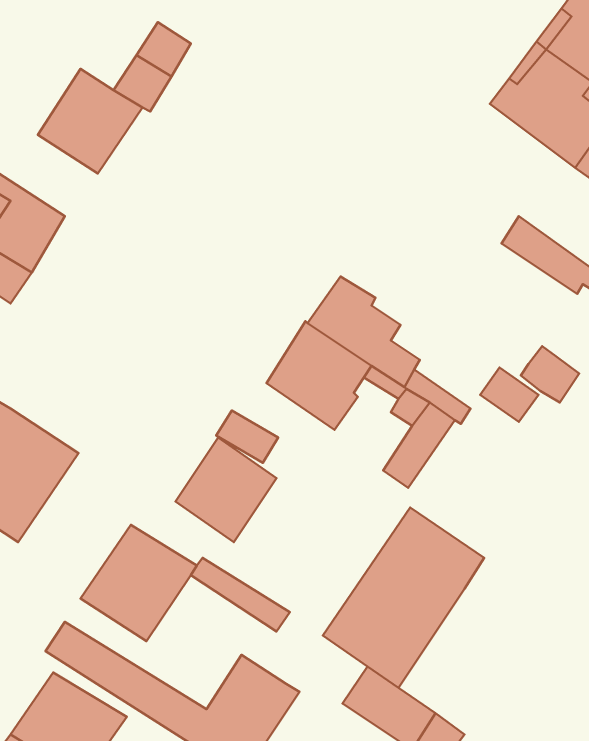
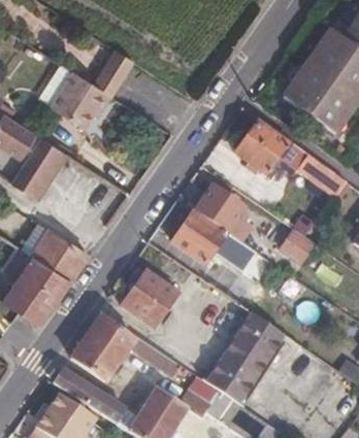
building: none -> [235,120,287,173]
building: none -> [33,232,86,279]
building: none -> [179,375,223,418]

